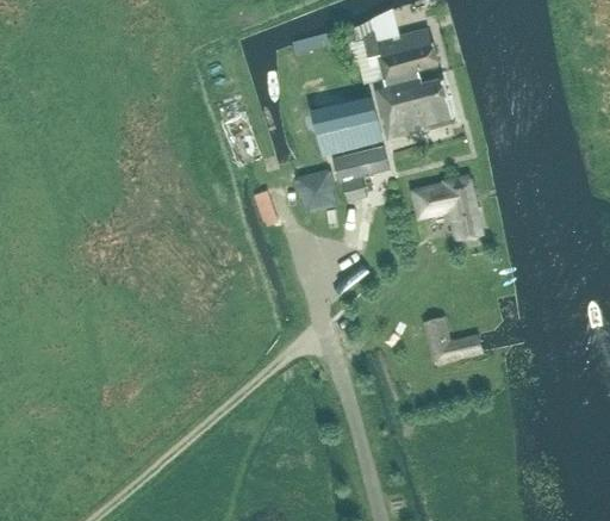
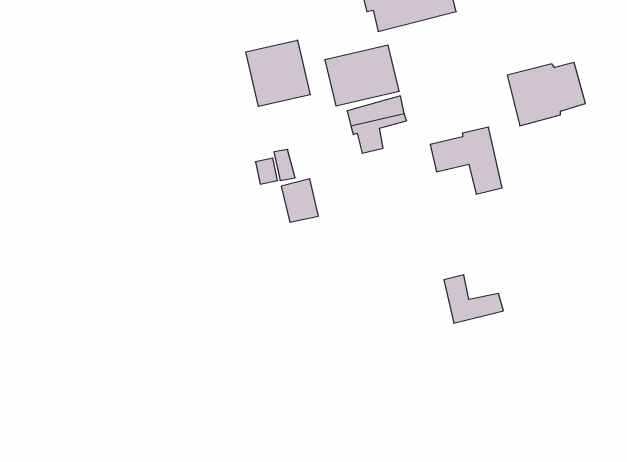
building: [378,77,453,138] -> [507,63,585,126]
building: none -> [246,40,310,107]
building: [292,174,328,216] -> [281,179,318,222]

